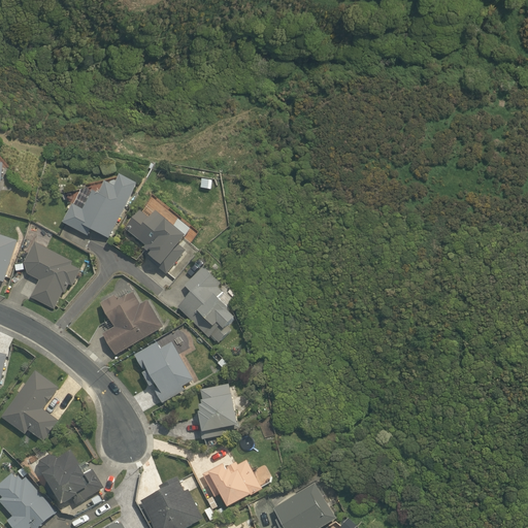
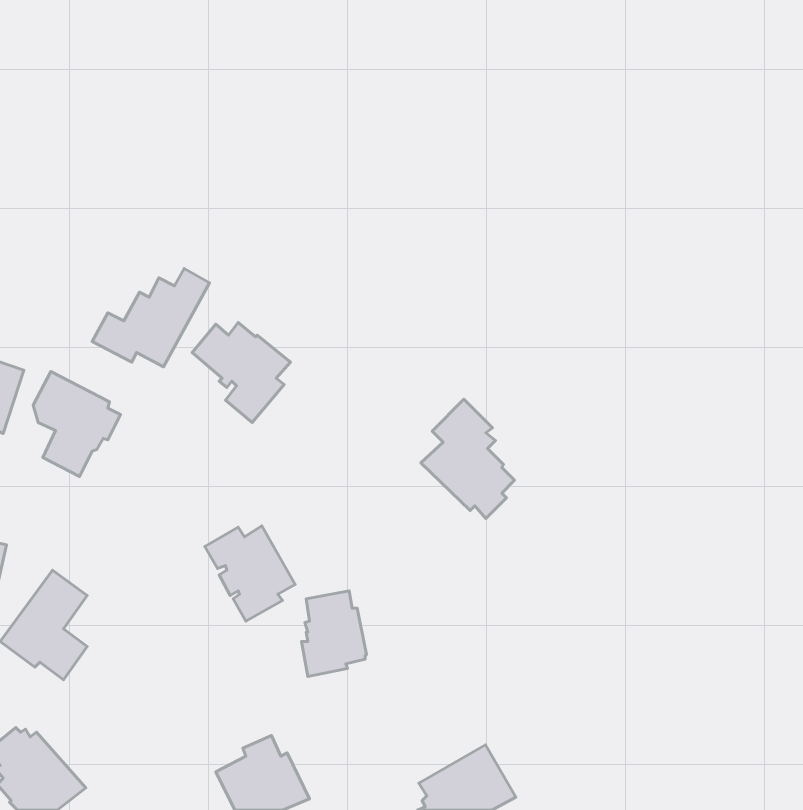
building: [174,265,235,342] -> [421,399,515,518]
building: [99,291,161,354] -> none
building: [37,449,103,505] -> none
building: [200,460,260,507] -> none

